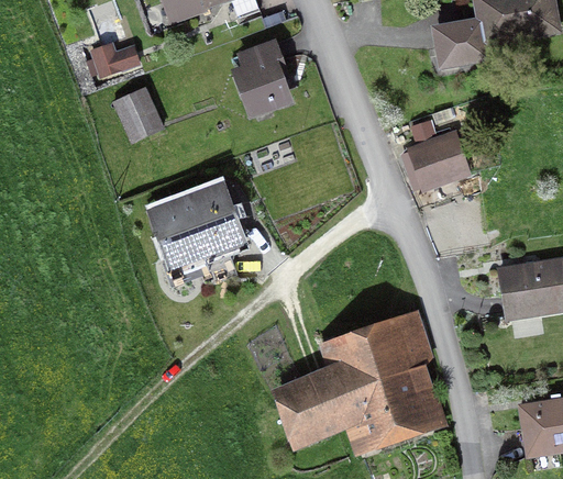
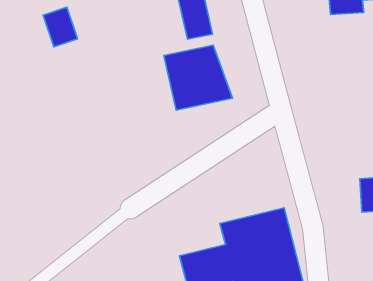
building: [112,89,159,142] -> [43,7,77,47]
building: [407,133,468,189] -> none
building: [152,178,246,267] -> [164,45,233,110]

